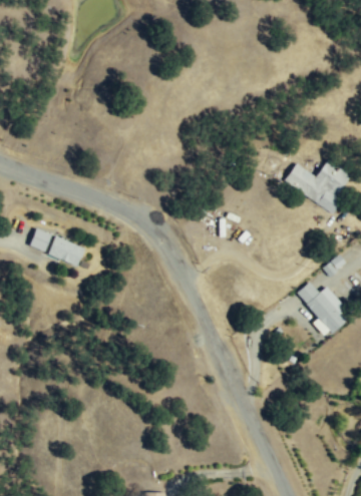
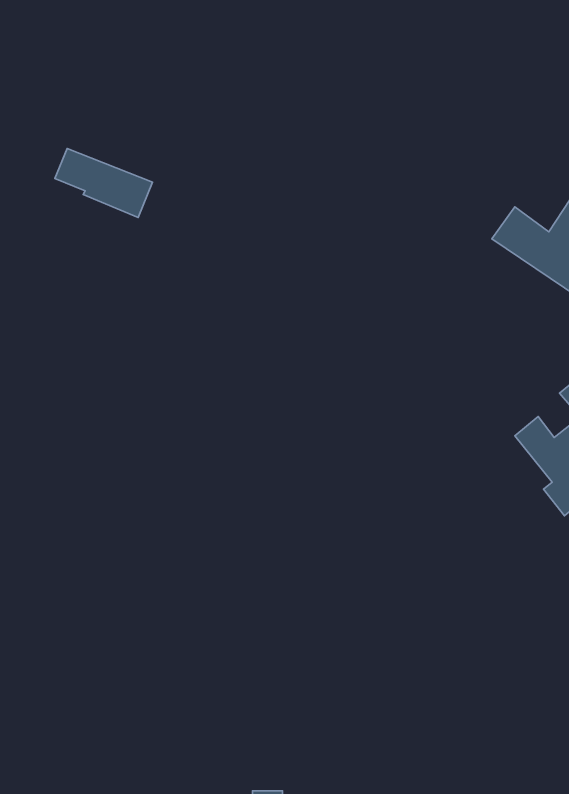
building: [29,227,84,267] -> [55,148,152,218]

